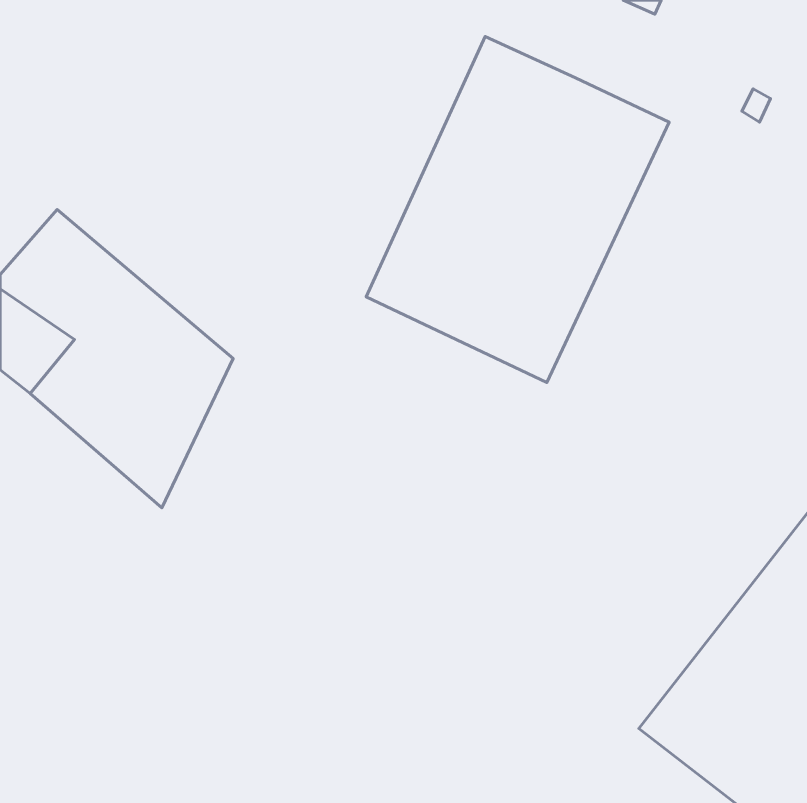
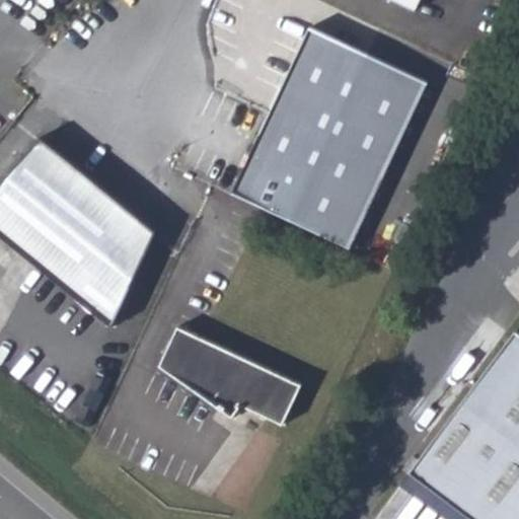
building: none -> [158,325,301,423]

